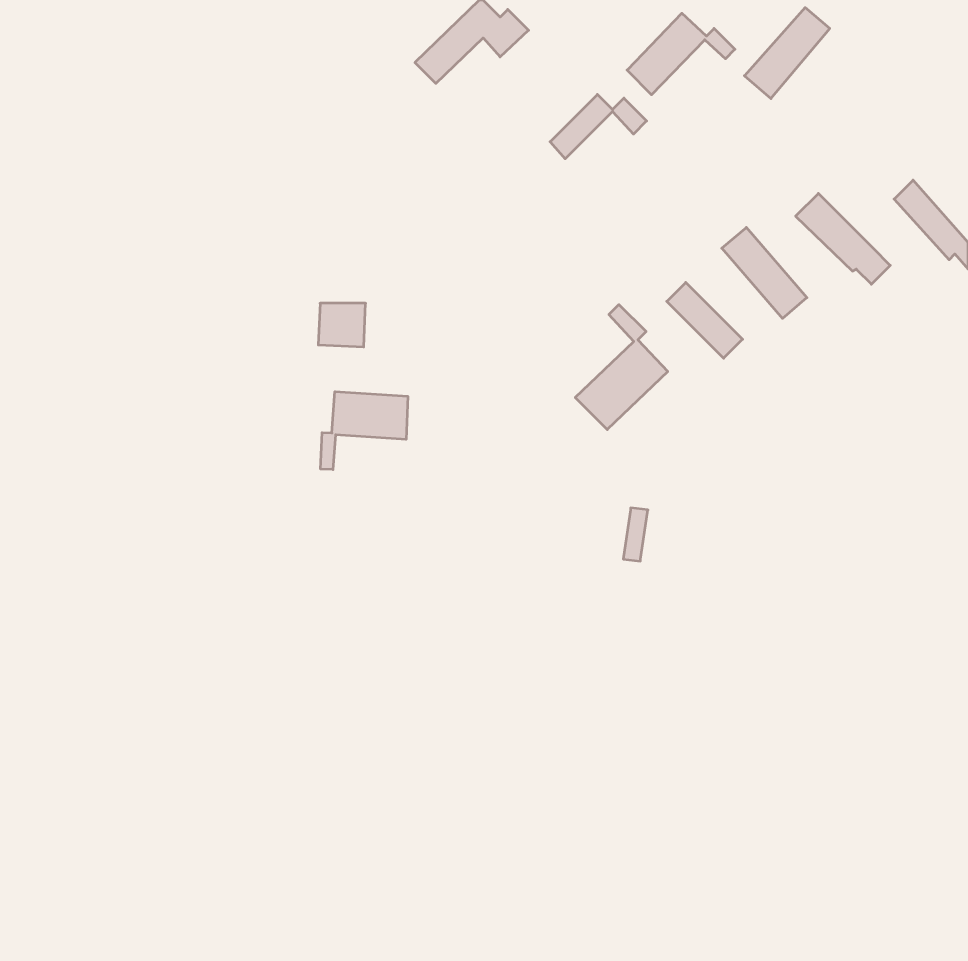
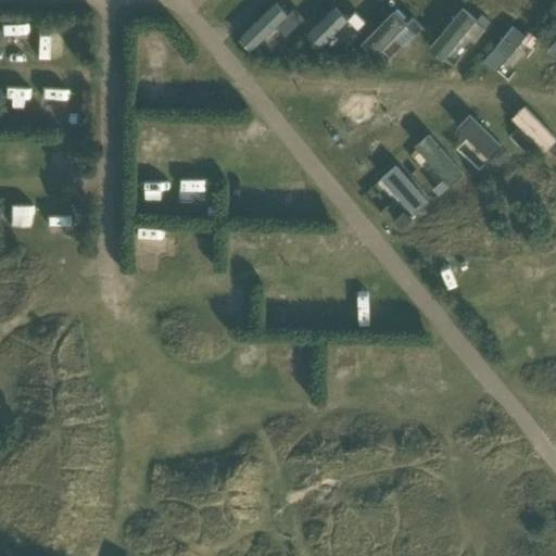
building: none -> [483,28,536,74]
building: [550,94,647,159] -> [307,13,363,50]
building: [575,305,668,430] -> none
building: [321,392,408,470] -> none

